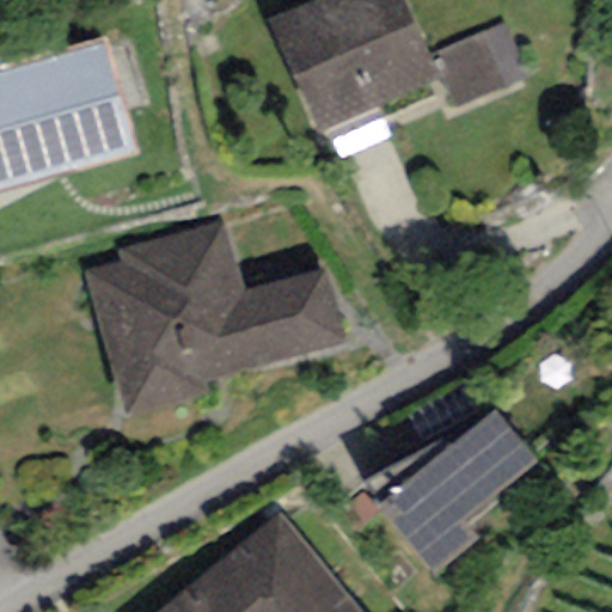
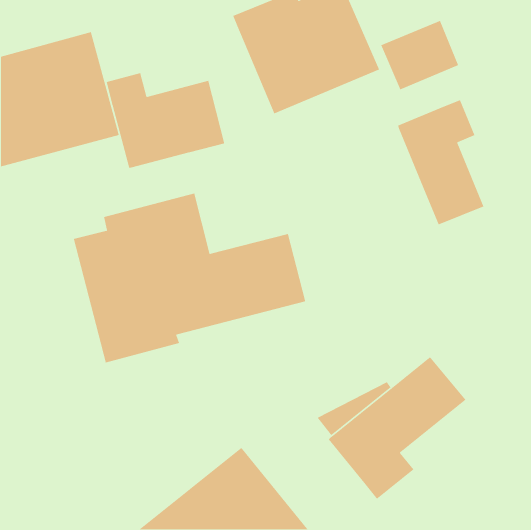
building: none -> [106,72,225,168]
building: none -> [397,99,485,225]

